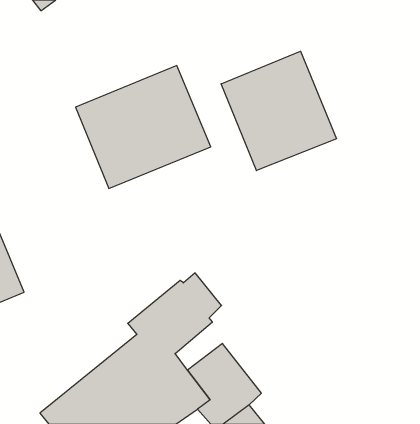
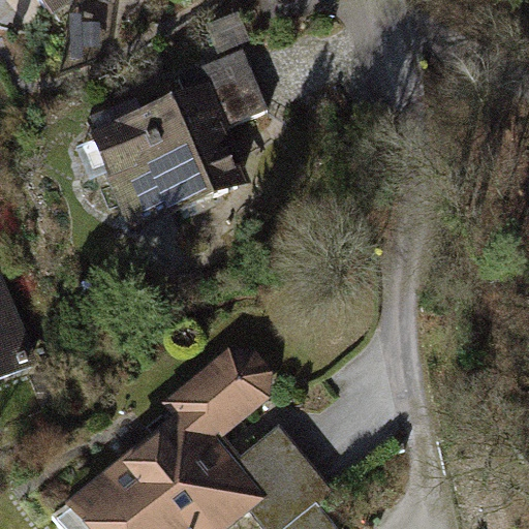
building: [221,51,337,171] -> none

